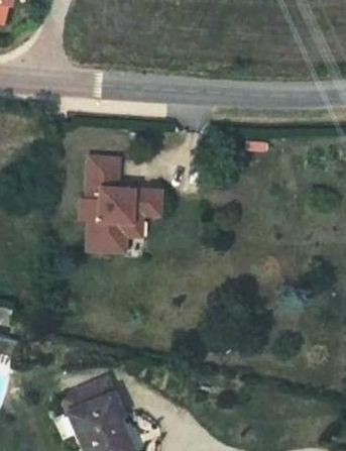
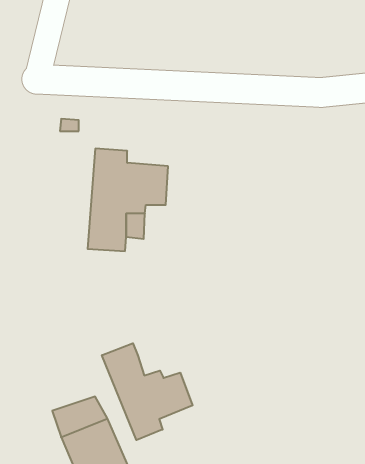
building: none -> [102,343,193,440]

